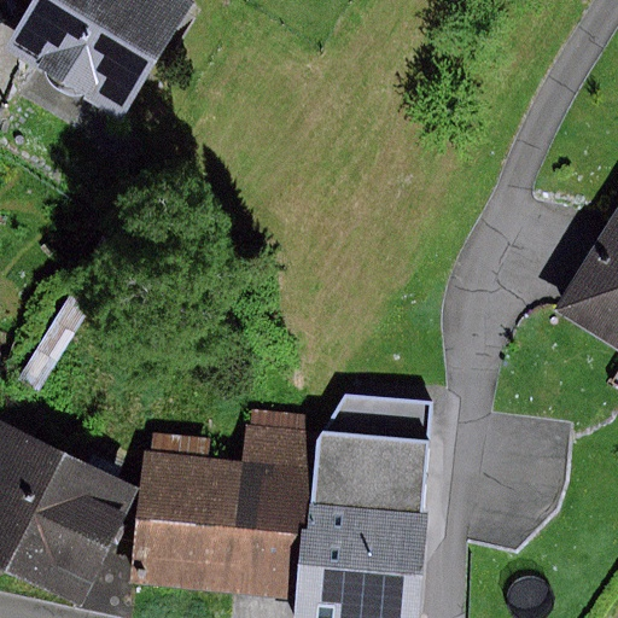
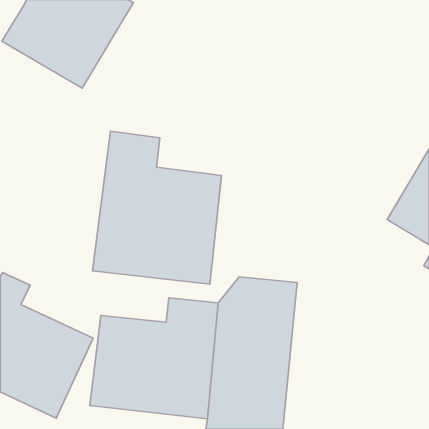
building: none -> [92,131,222,284]

